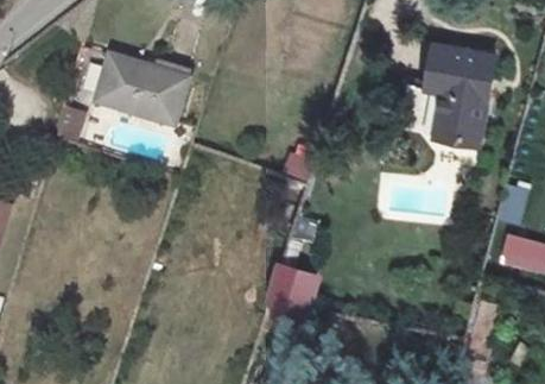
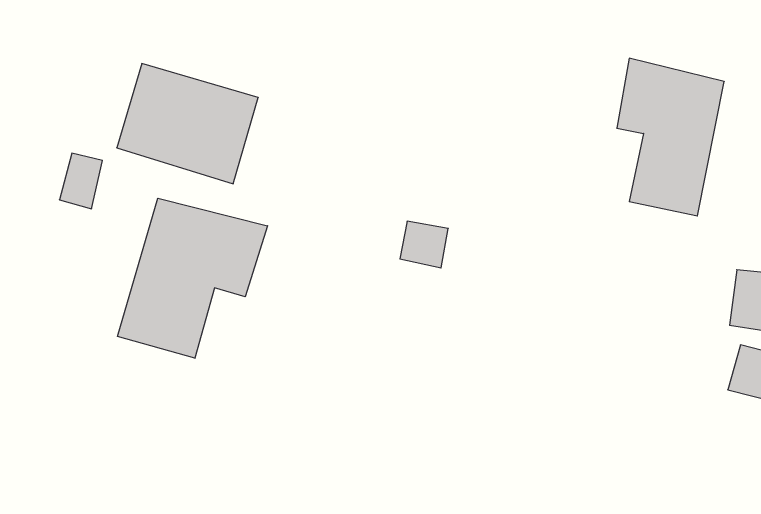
building: none -> [117,198,268,358]
building: [270,265,315,309] -> none

